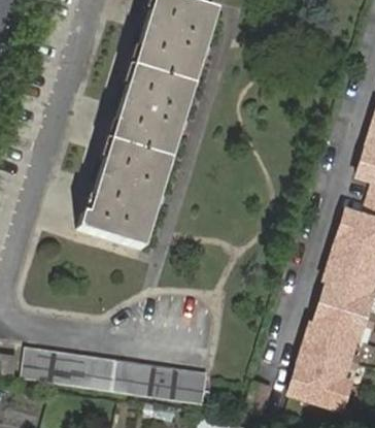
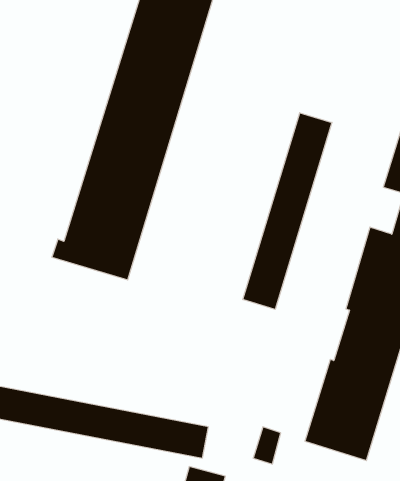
building: none -> [243,113,332,309]

